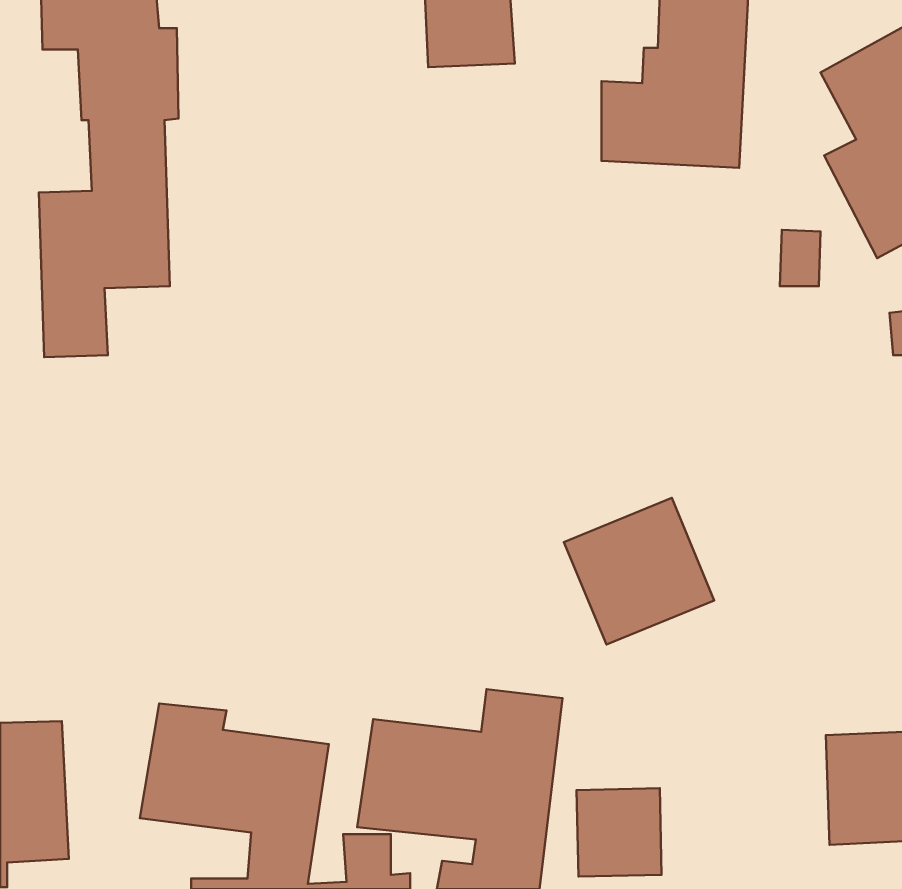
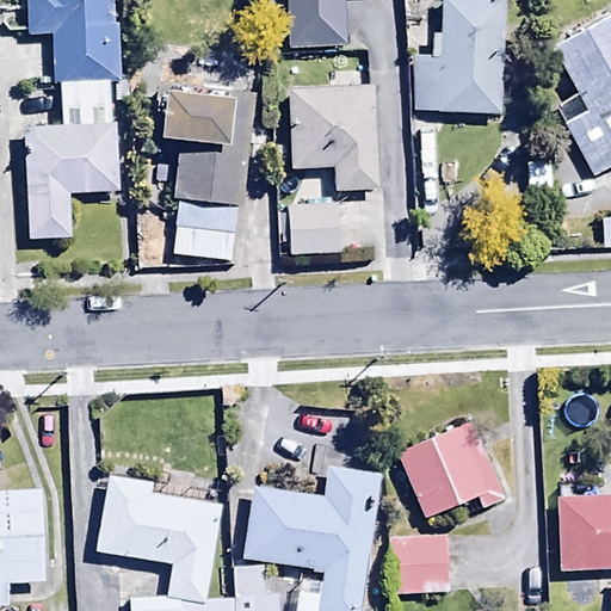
building: none -> [161,81,257,261]
building: none -> [290,87,377,186]
building: none -> [289,204,338,253]
building: [564,498,714,645] -> [400,421,501,520]

